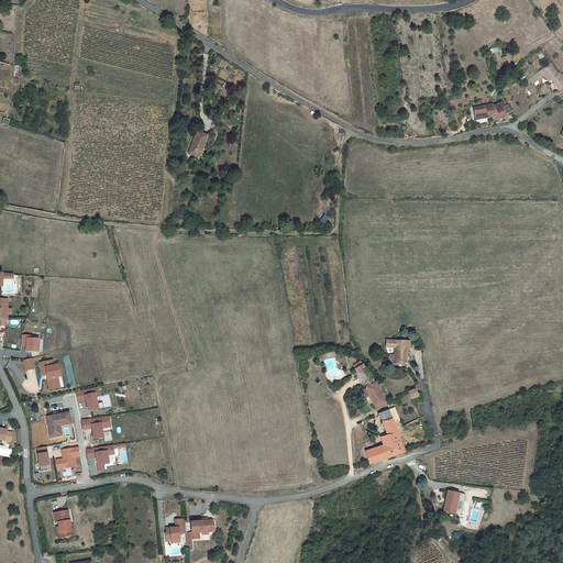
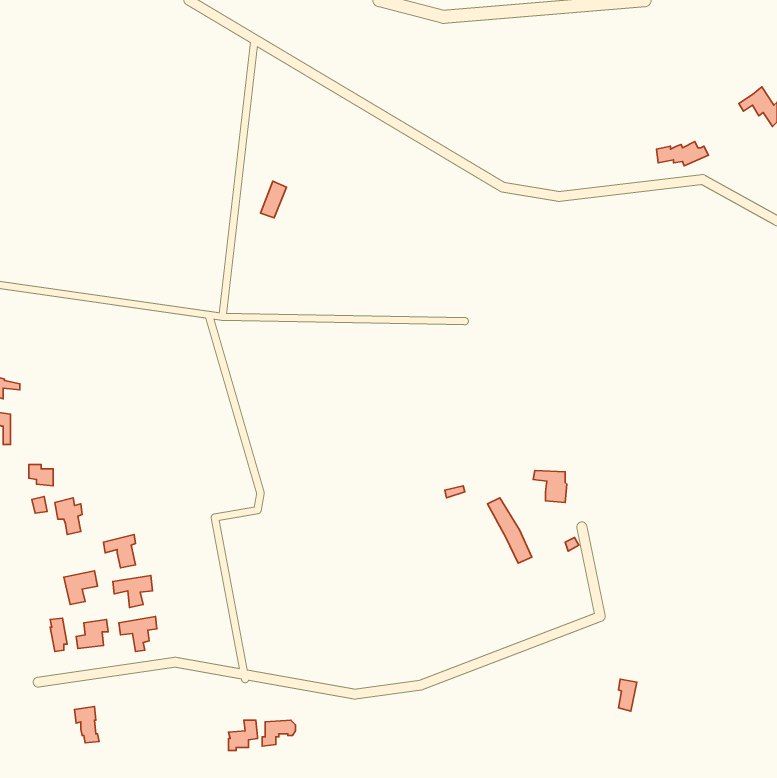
building: [366,409,405,465] -> none

